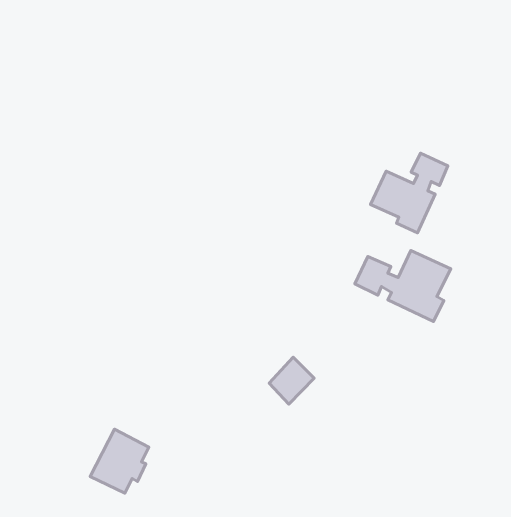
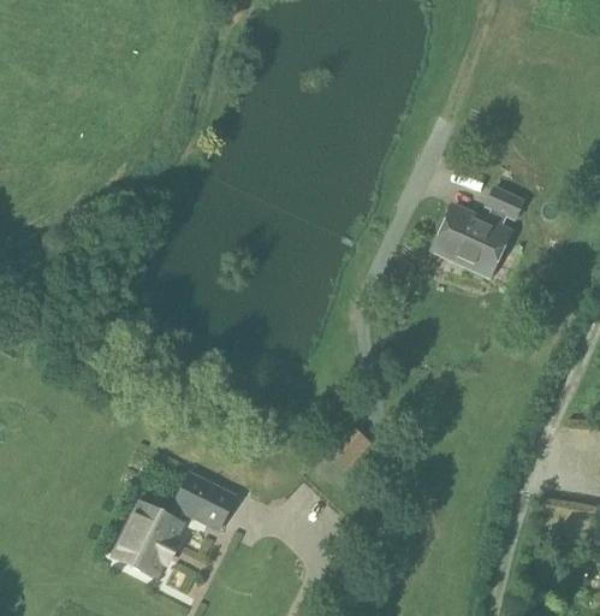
building: [355,250,451,321] -> none
building: none -> [173,473,236,528]

